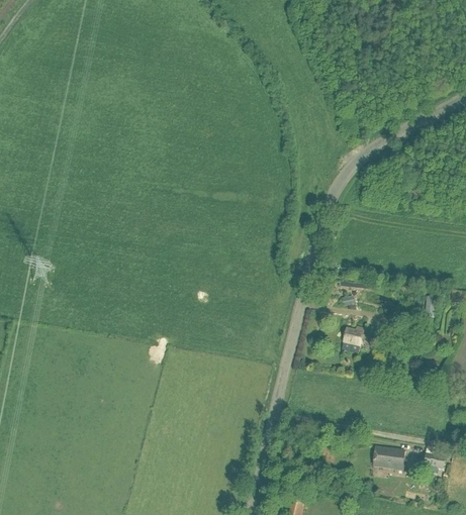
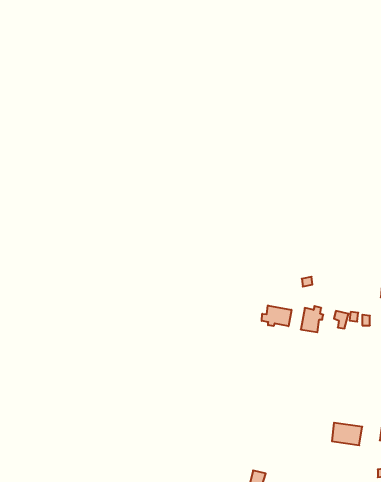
building: none -> [262,305,291,326]

